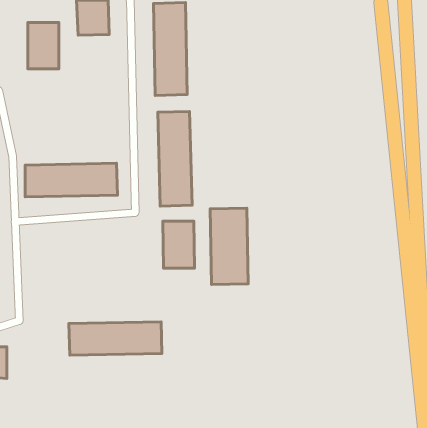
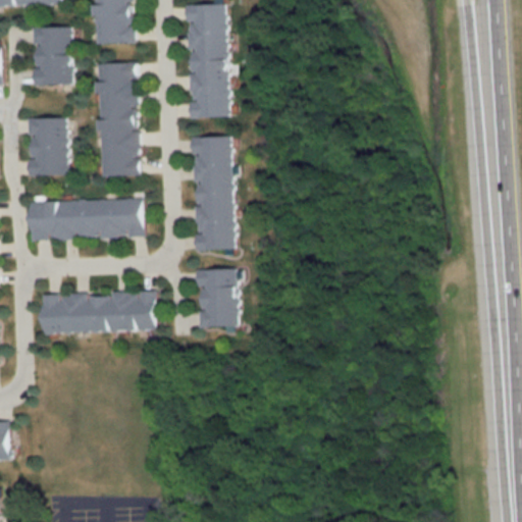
building: none -> [99,62,139,175]
building: none -> [28,117,66,174]
building: [210,208,248,284] -> none
building: [69,322,162,355] -> [43,292,156,332]

